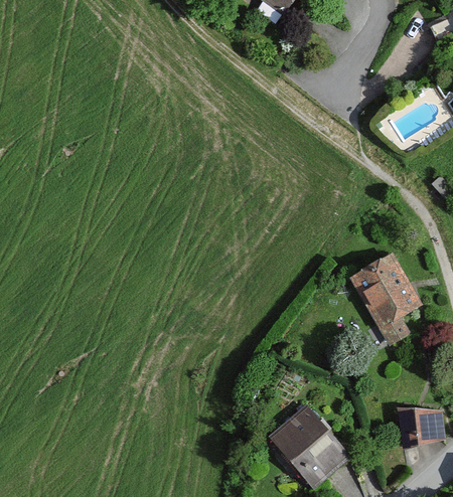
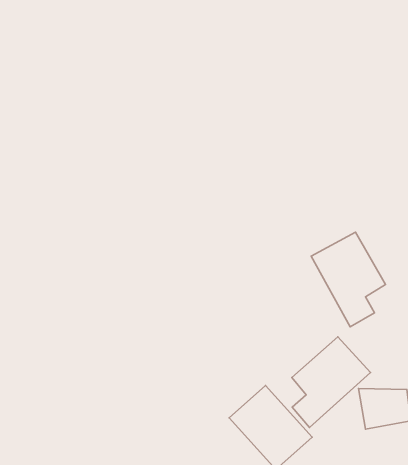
building: none -> [292,337,370,427]

